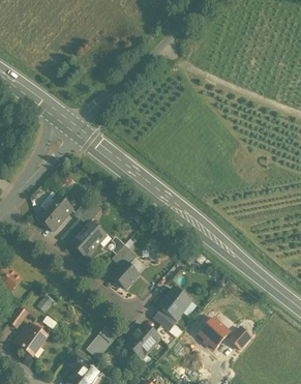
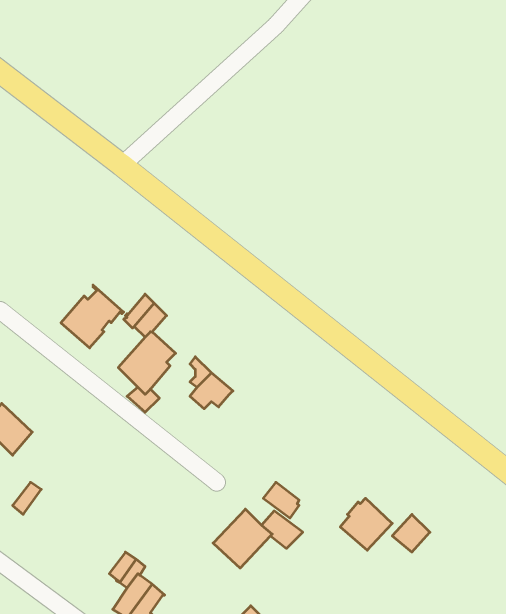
building: [112,257,144,287] -> none
building: [159,287,189,318] -> none
building: [16,324,46,355] -> none
building: [87,324,119,357] -> none

